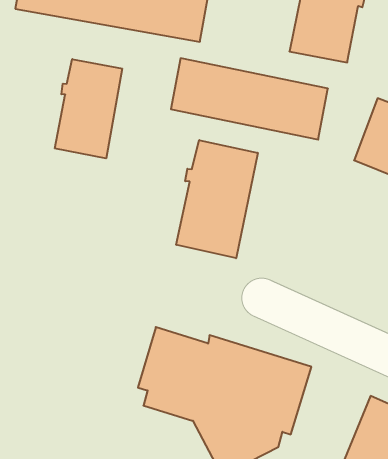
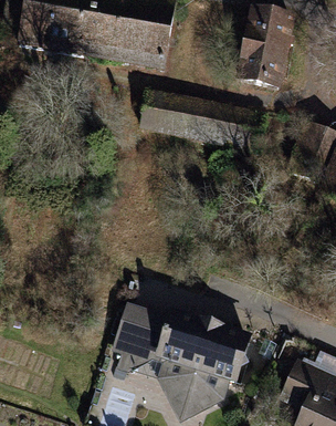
building: [55,59,122,158] -> none
building: [176,140,258,258] -> none

